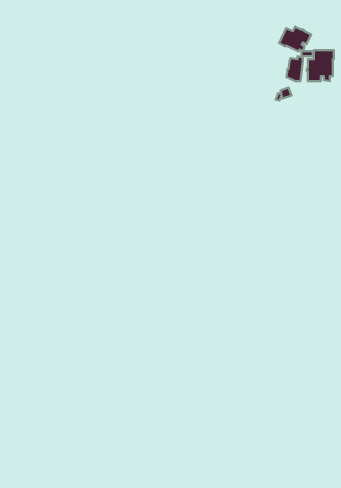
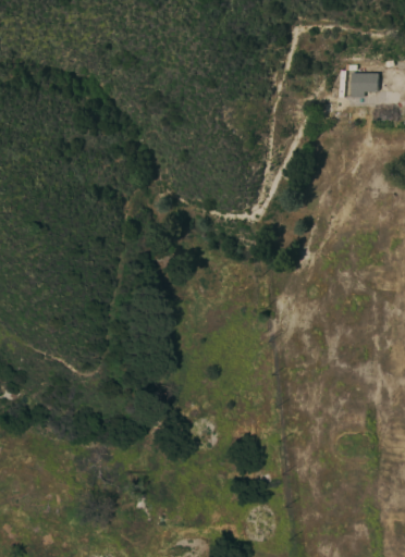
building: [279,27,311,52] -> none

